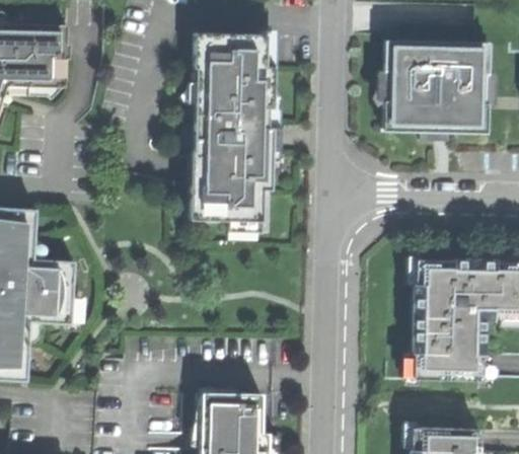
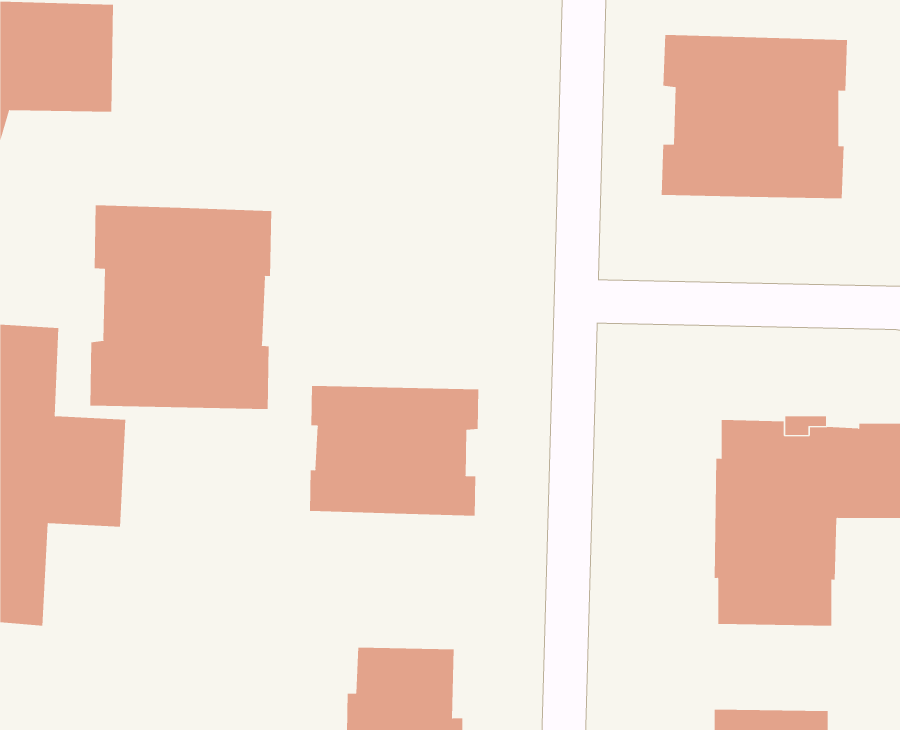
building: [189,33,272,223] -> none
building: none -> [90,204,272,410]
building: none -> [309,385,479,517]

